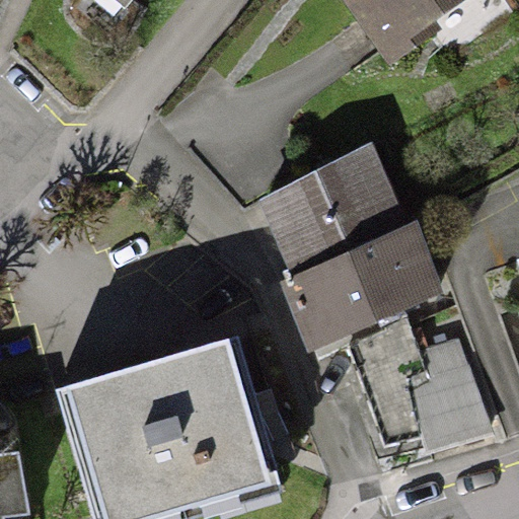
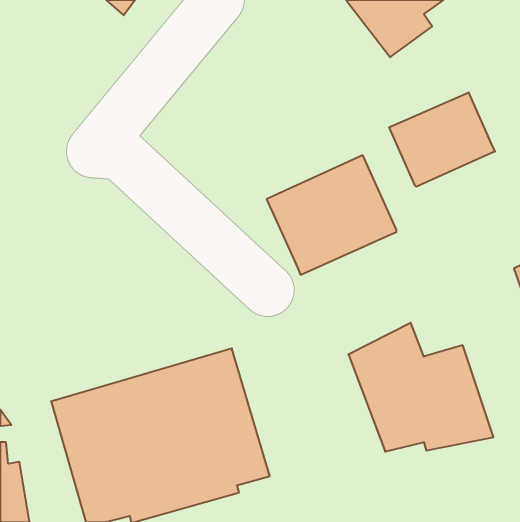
building: none -> [389,92,495,187]
building: [287,219,444,347] -> none

